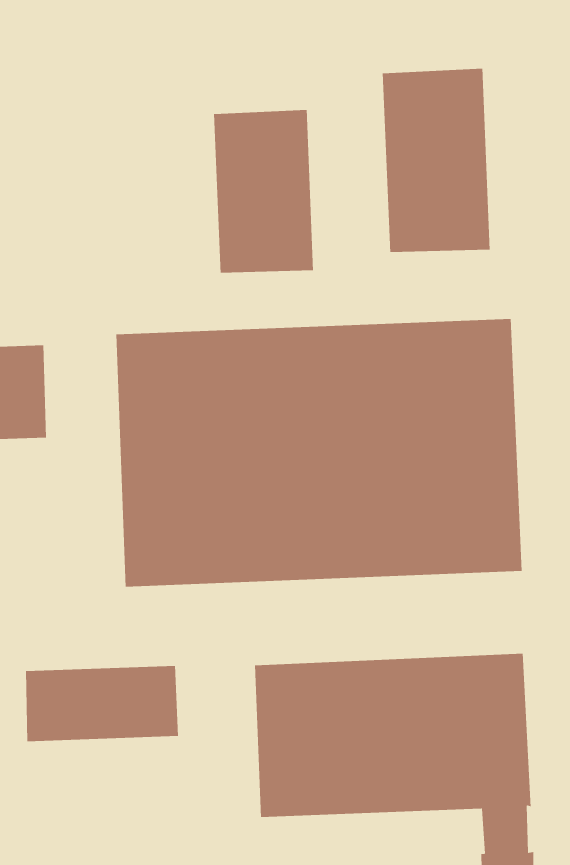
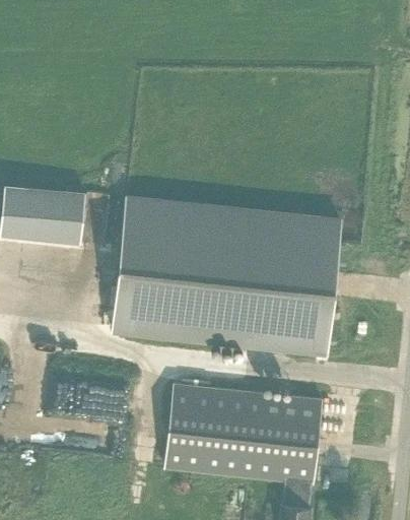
building: [382,68,490,253] -> none
building: [213,109,314,273] -> none

